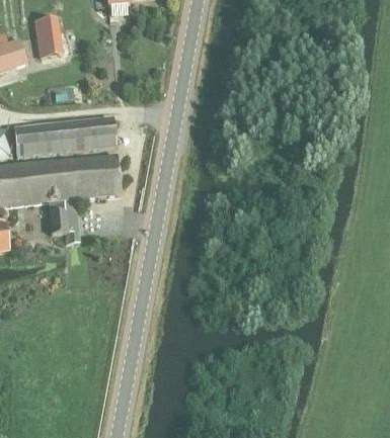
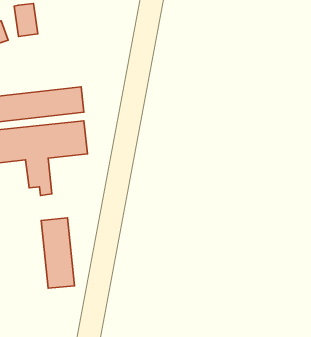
building: none -> [41,218,75,288]

